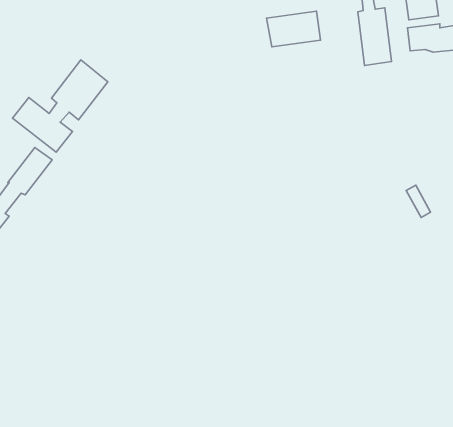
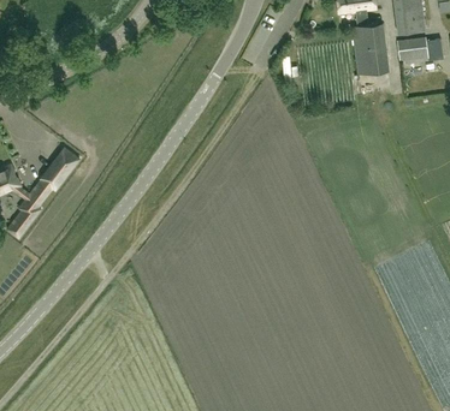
building: [266,11,321,47] -> none
building: [12,60,108,152] -> none

